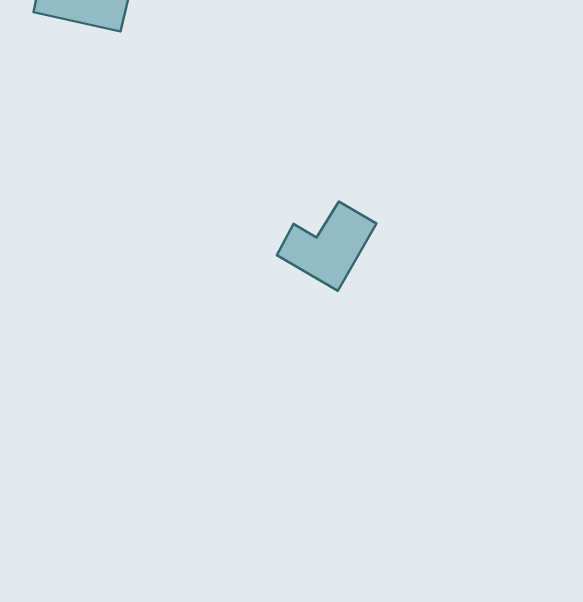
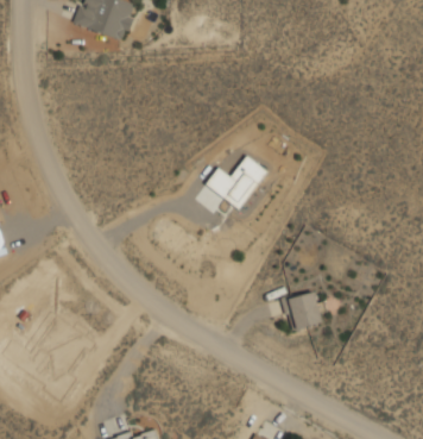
building: none -> [284,290,323,330]

